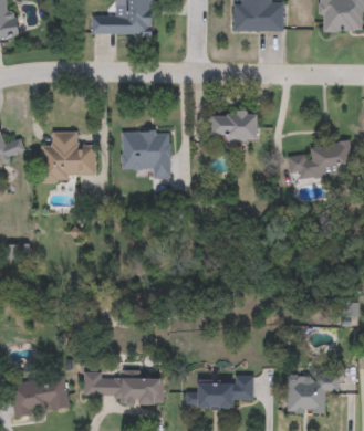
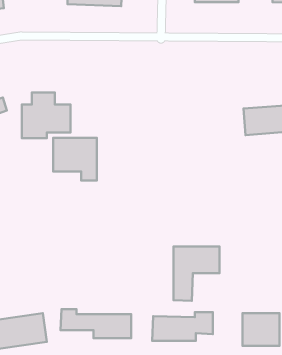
building: [212,112,258,139] -> none
building: [122,130,170,178] -> [53,138,97,180]
building: none -> [174,246,220,301]

